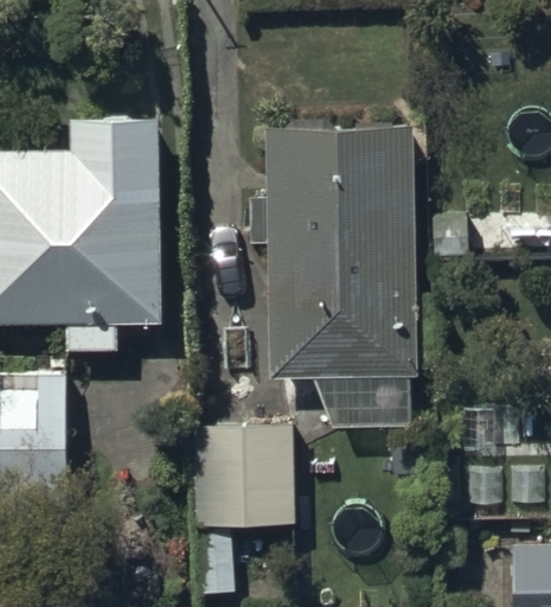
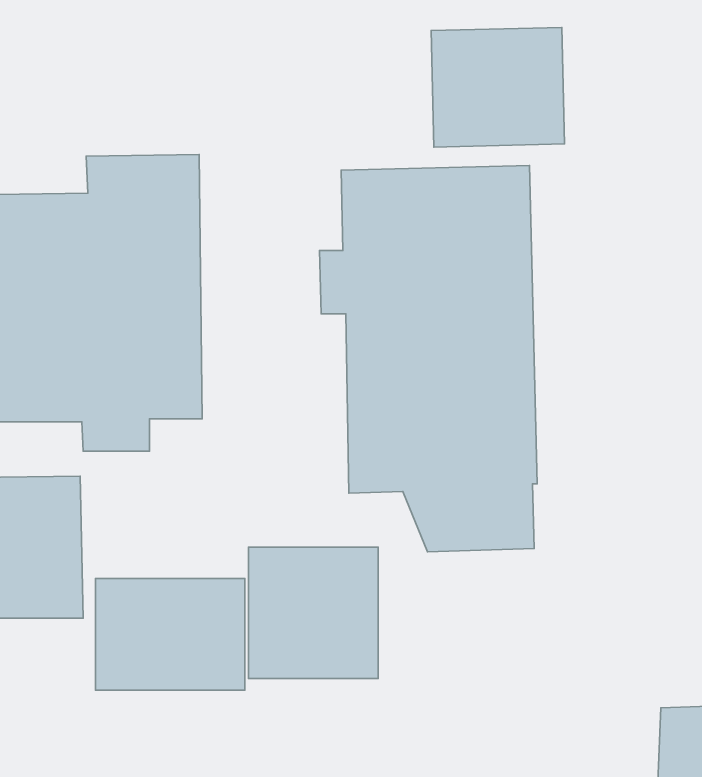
building: none -> [431,27,565,147]
building: none -> [95,579,245,690]

